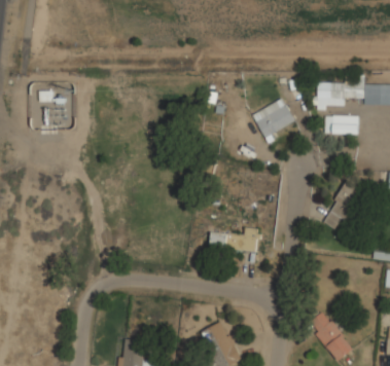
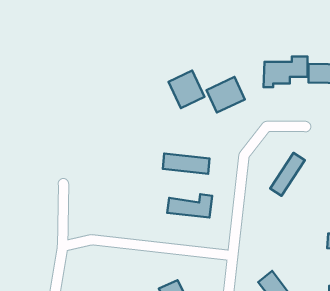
building: none -> [169,71,204,108]
building: [324,114,358,134] -> none
building: none -> [163,154,210,174]

